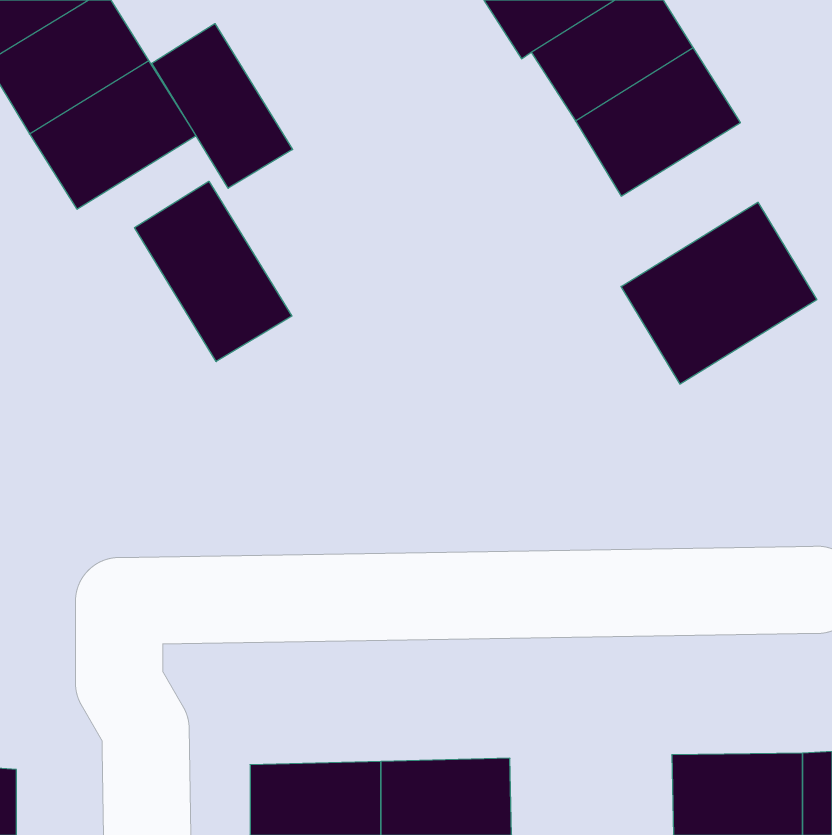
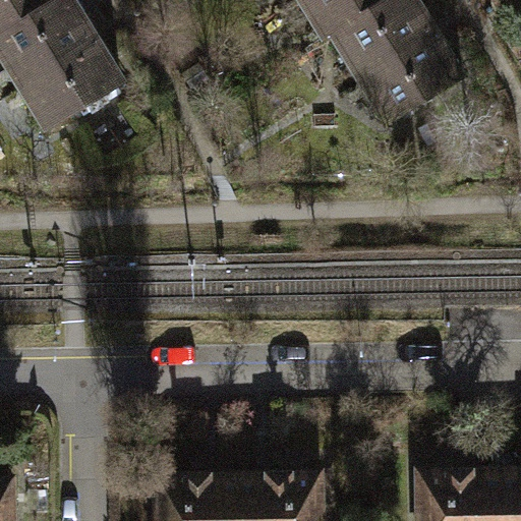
building: [152,24,293,188] -> none
building: [135,181,292,362] -> none
building: [621,202,817,384] -> none

